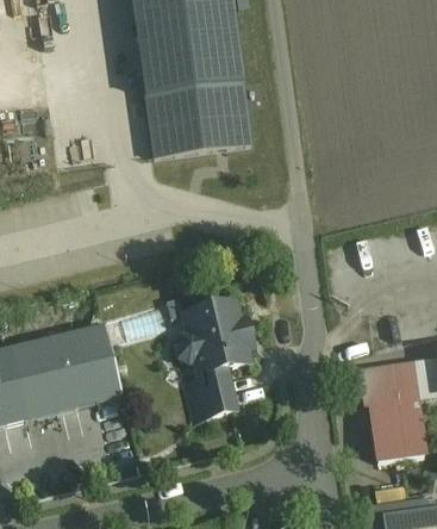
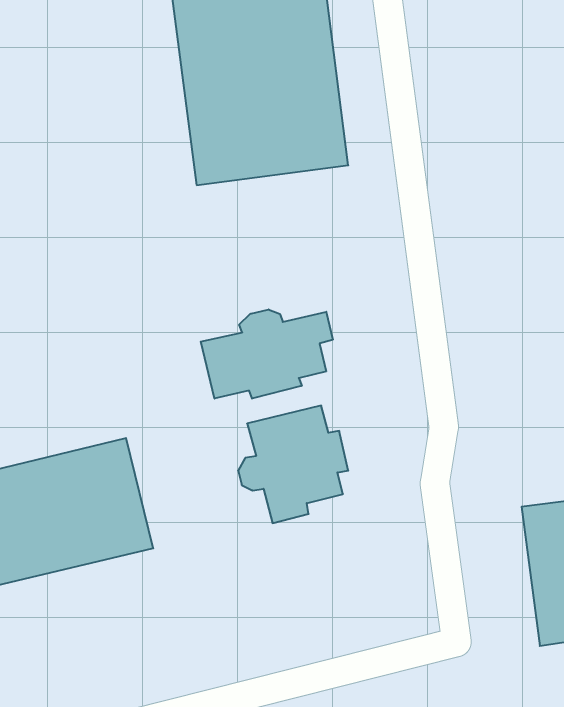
building: none -> [201,309,333,399]
building: [187,372,233,415] -> none

